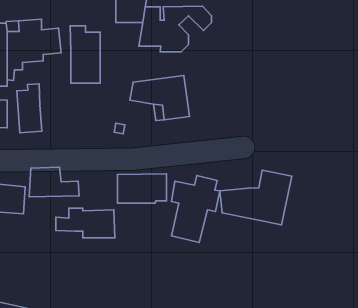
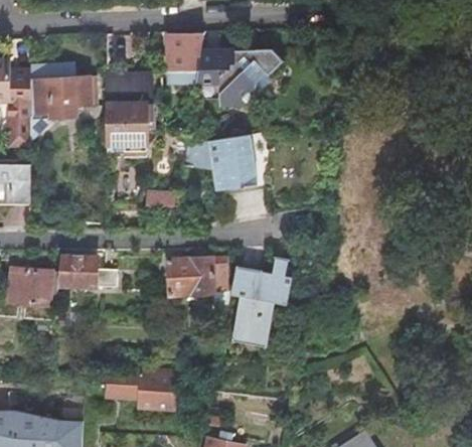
building: [17,84,42,133] -> none
building: [220,170,292,225] -> none
building: [56,208,115,238] -> [107,370,179,407]

